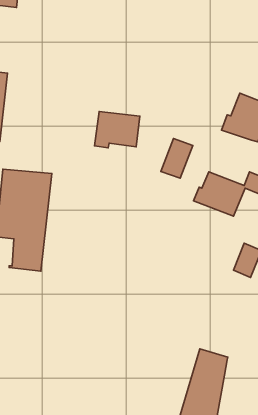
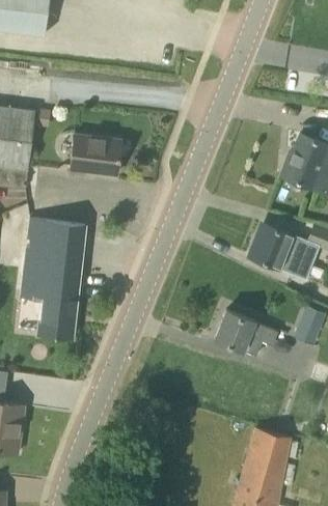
building: [95,112,140,148] -> [70,135,121,176]
building: [161,138,193,178] -> none
building: none -> [216,310,278,356]

